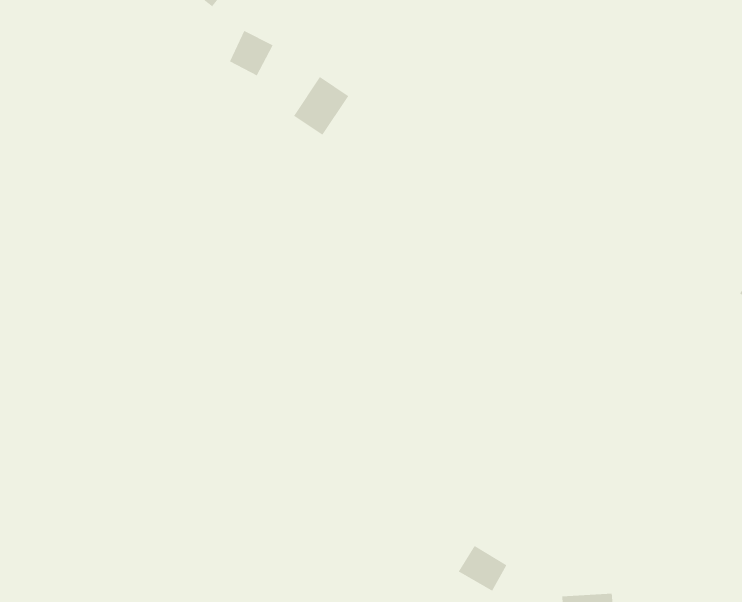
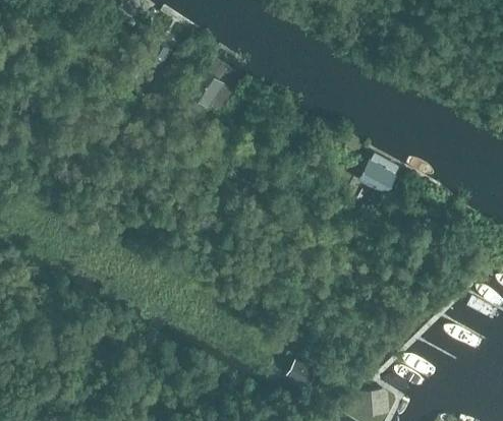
building: none -> [360,159,400,191]

